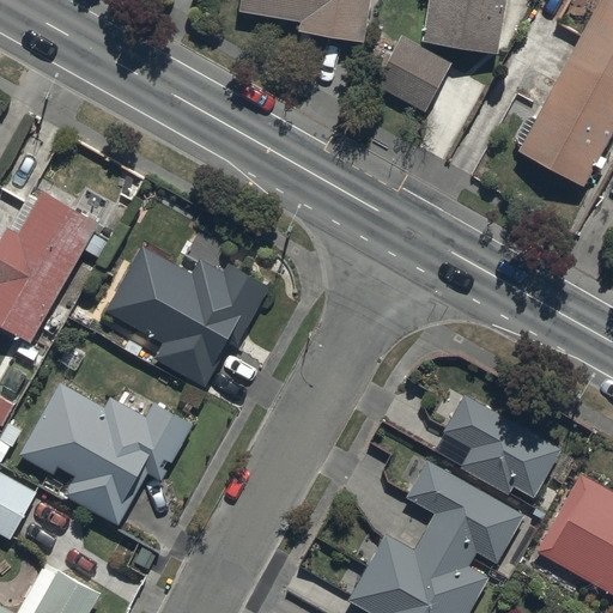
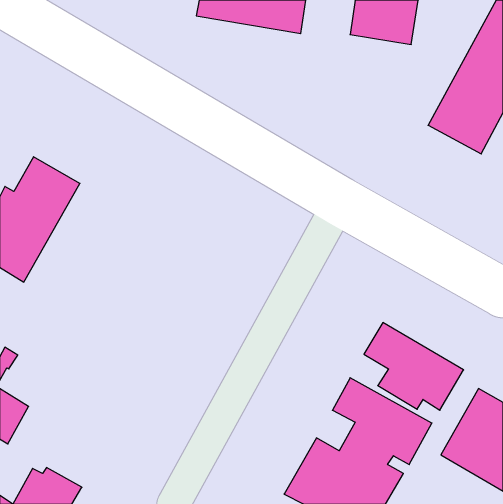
building: [376,36,454,114] -> none
building: [105,245,269,387] -> none
building: [19,382,192,524] -> none

